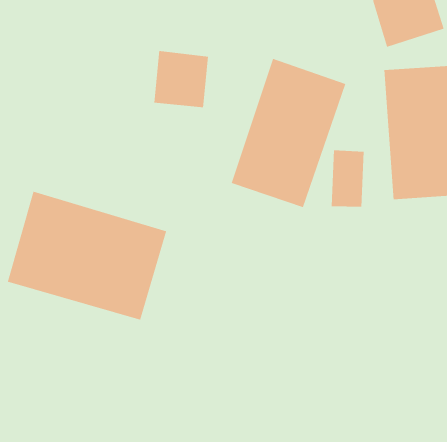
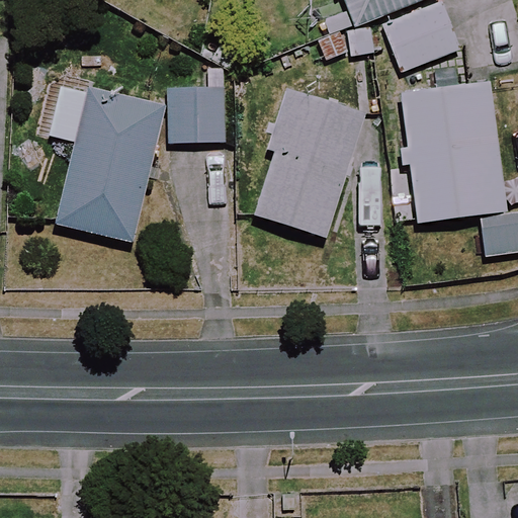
building: none -> [49,84,164,241]
building: [7,191,167,321] -> none

